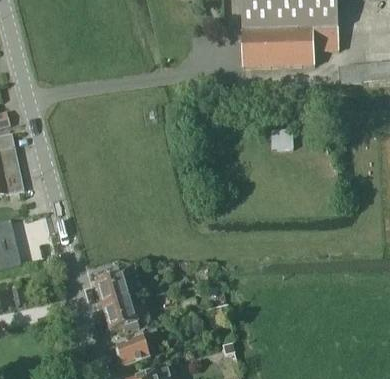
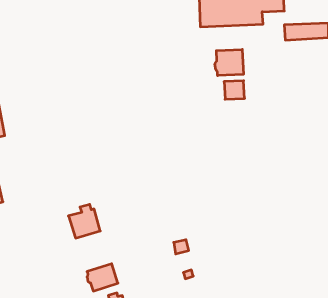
building: none -> [215,49,243,76]
building: [103,298,140,333] -> none

